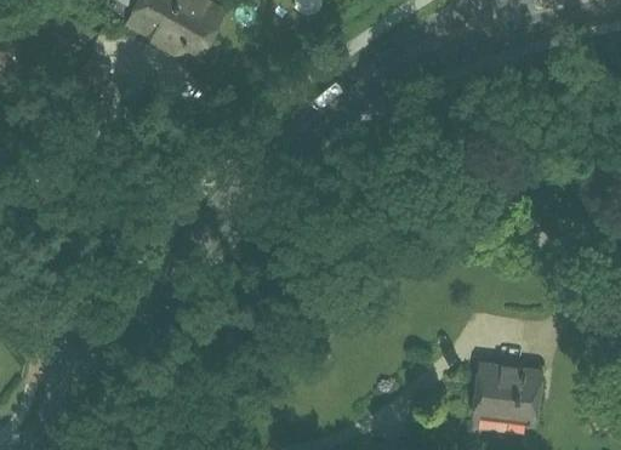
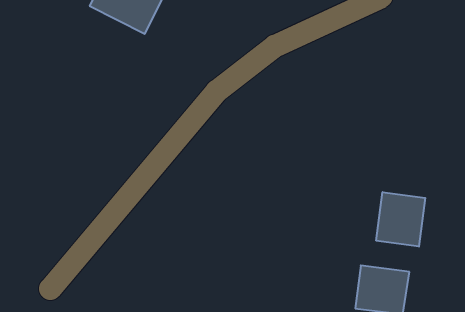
building: none -> [376,192,425,247]

